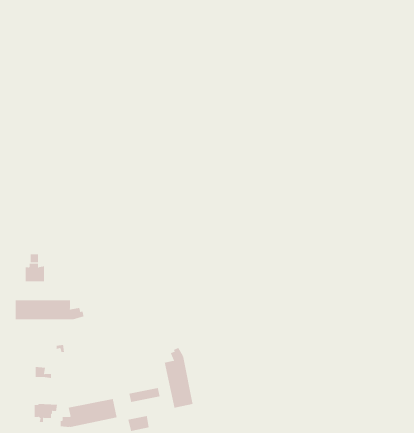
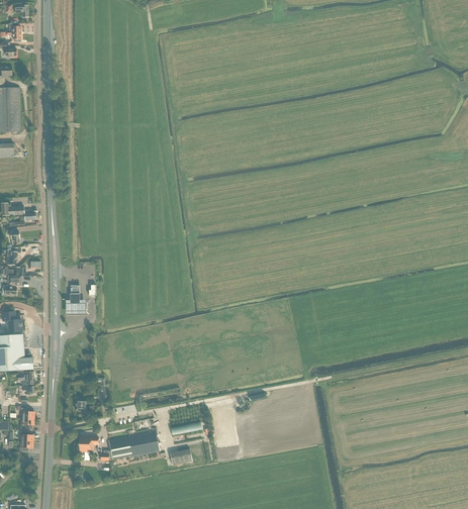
building: [15,299,84,320] -> none
building: [164,347,193,408] -> none

